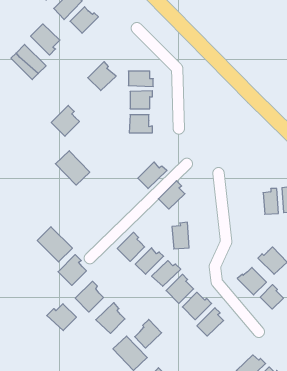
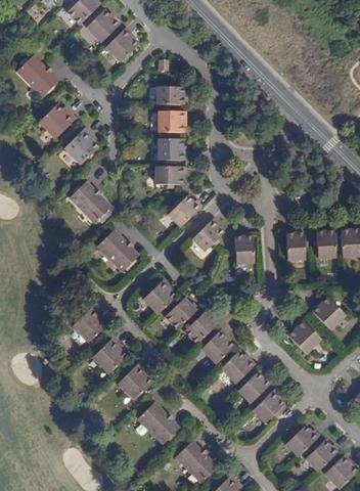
building: [31,24,60,55] -> none
building: [88,62,116,91] -> [105,28,139,62]
building: none -> [38,105,76,139]
building: none -> [155,167,186,185]
building: none -> [285,229,306,260]
building: [172,222,189,249] -> [234,232,255,264]
building: [37,227,72,262] -> [97,230,139,272]
building: [260,285,283,309] -> none
building: [47,304,76,331] -> none
building: [135,319,162,348] -> none
building: none -> [253,389,284,422]

